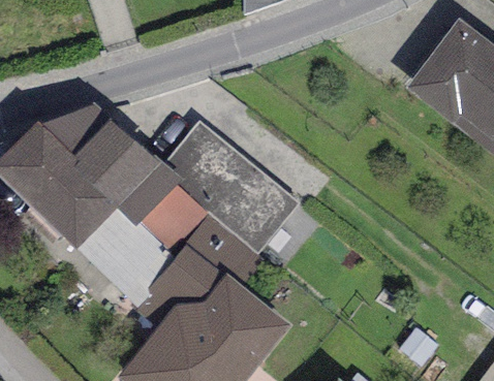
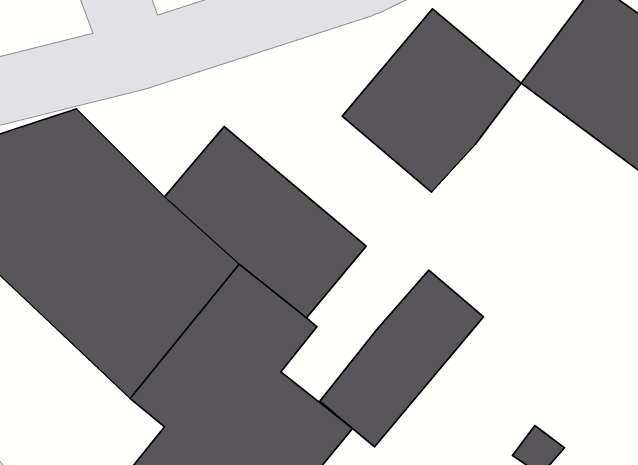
building: none -> [342,9,521,192]
building: none -> [320,270,484,447]

